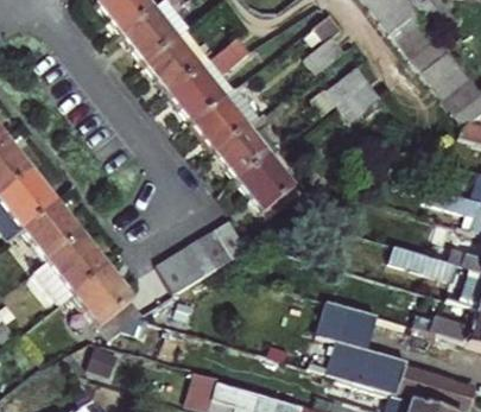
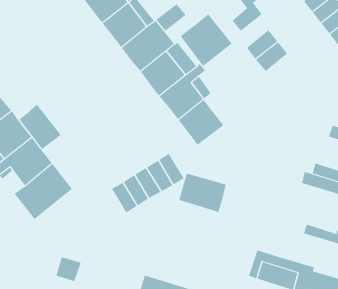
building: none -> [180,14,233,67]
building: none -> [19,104,61,150]
building: [74,265,141,338] -> none
building: [316,300,375,349] -> [178,173,227,213]

